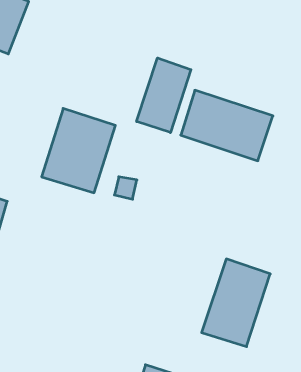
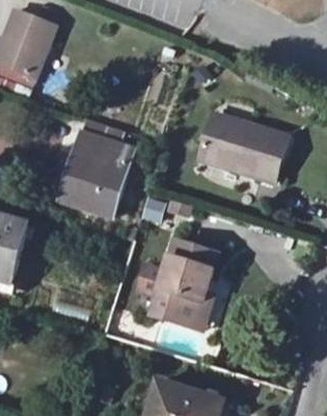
building: [137,58,191,133] -> none
building: [202,259,270,347] -> [157,240,223,326]

